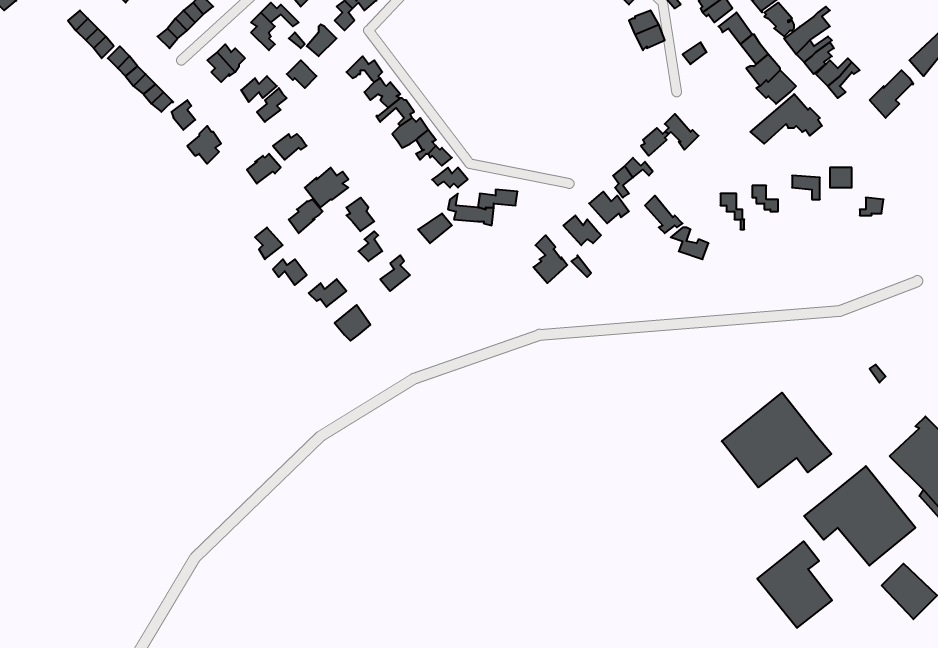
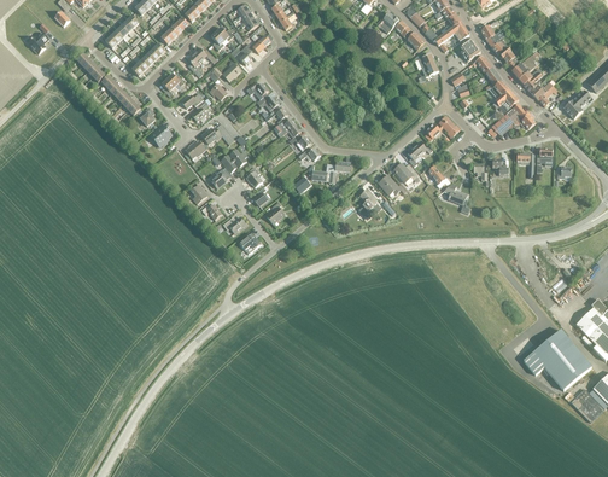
building: [722,393,831,487] -> none
building: [757,541,832,628] -> none

